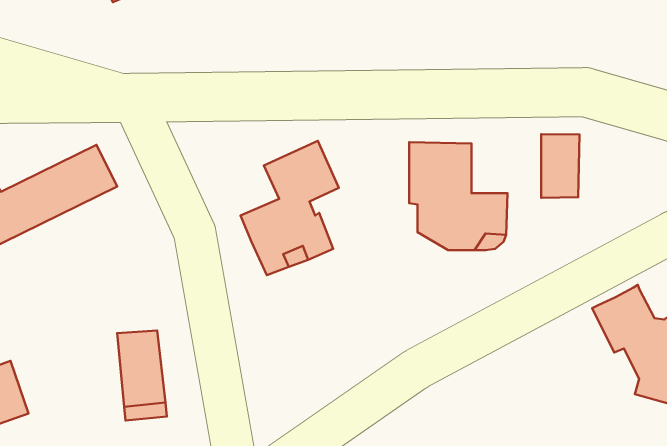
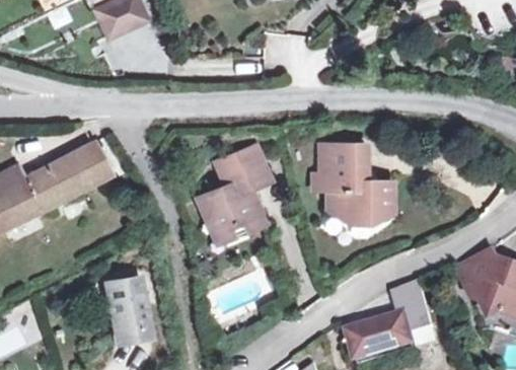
building: [541,134,580,198] -> none
building: none -> [347,277,432,357]

